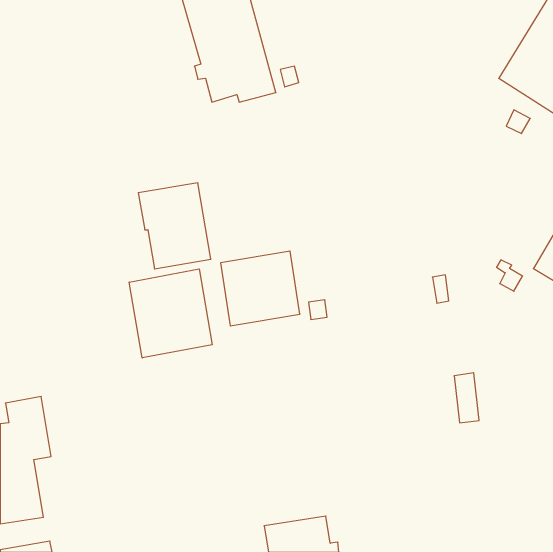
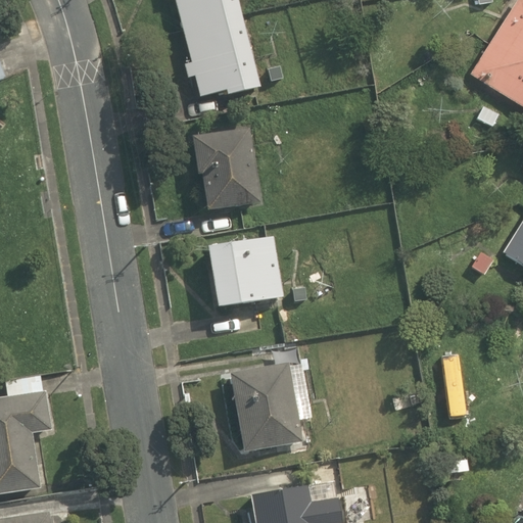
building: [138,183,211,269] -> [192,129,260,209]
building: [129,269,212,358] -> none
building: none -> [231,363,304,451]

